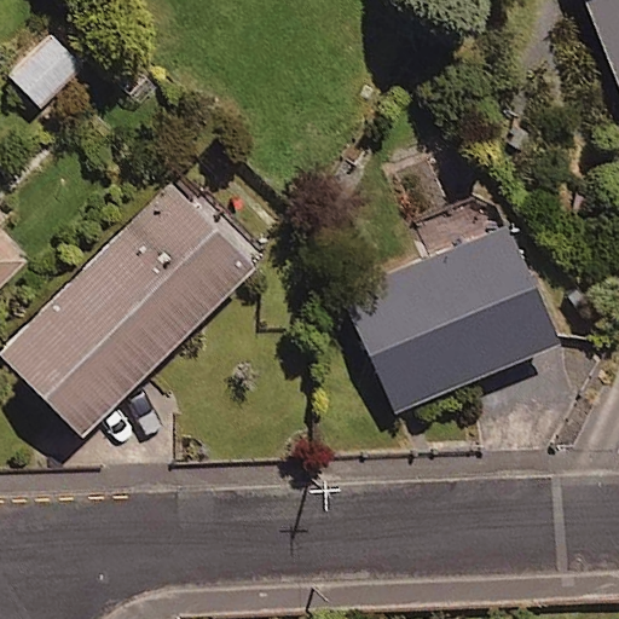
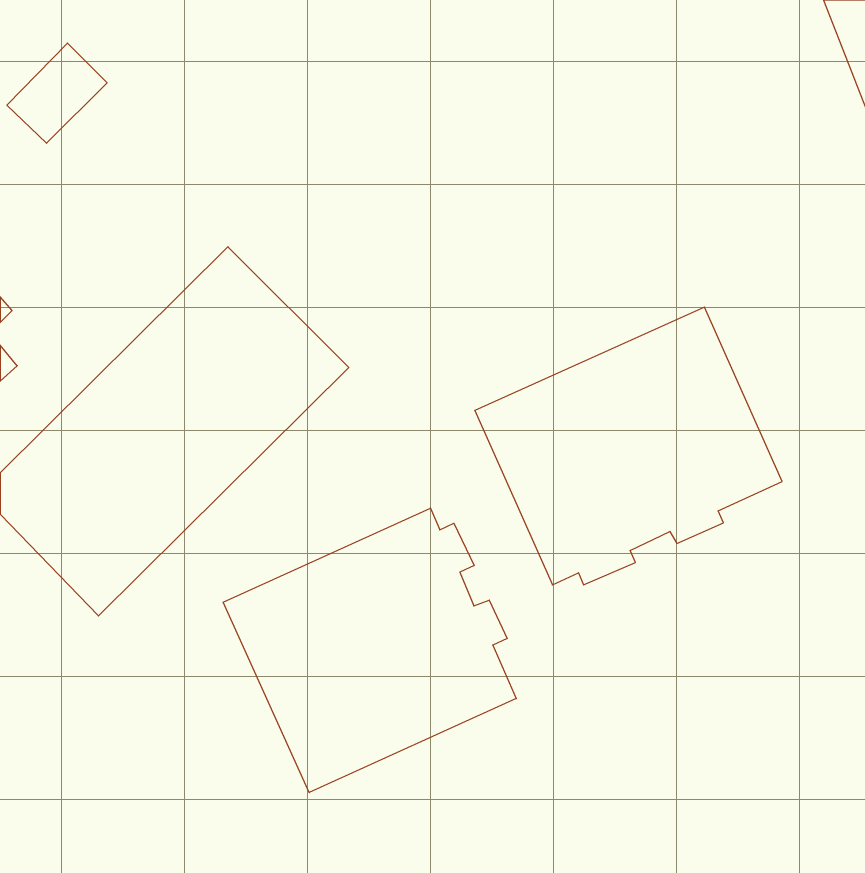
building: none -> [223,508,516,793]

